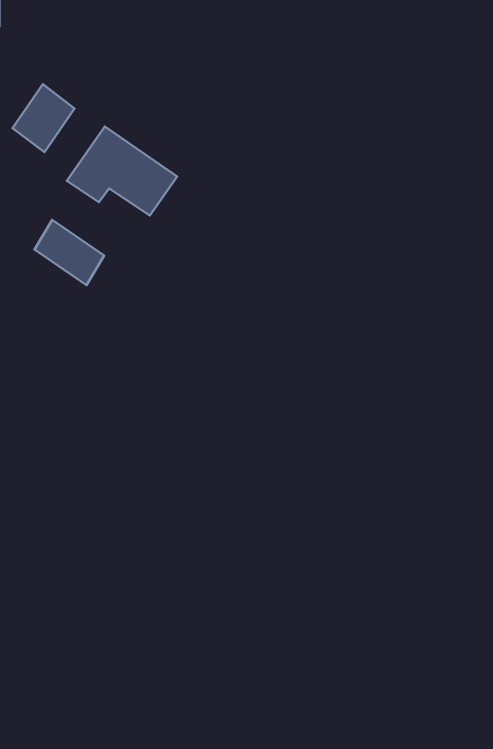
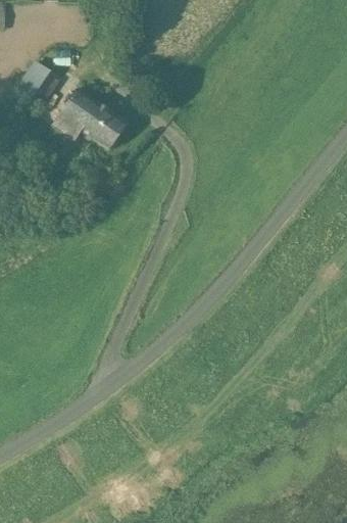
building: [34,220,104,285] -> none

